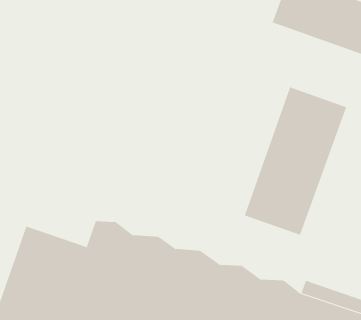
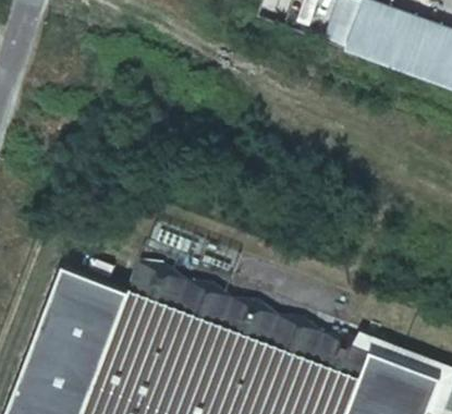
building: [244,87,347,235] -> none

